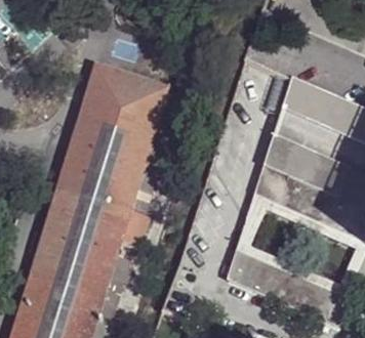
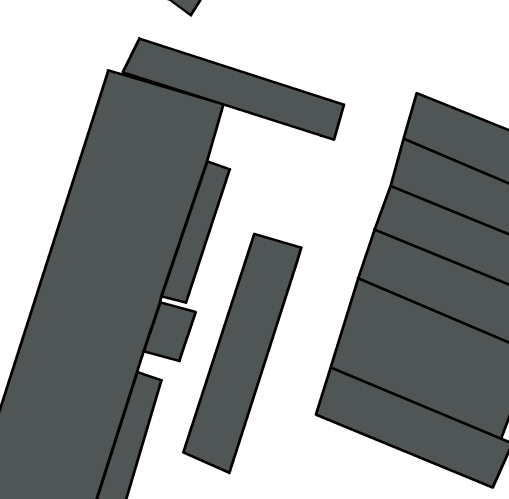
building: none -> [123,38,344,140]
building: none -> [183,234,301,473]

